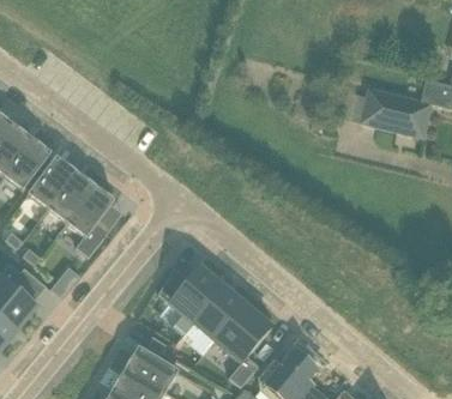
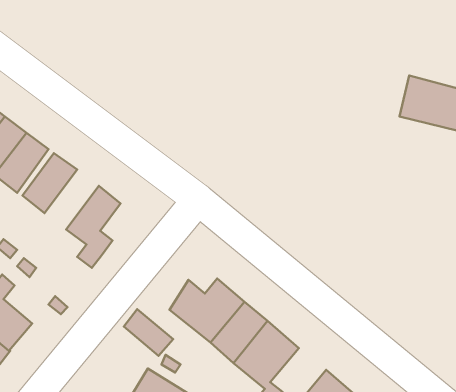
building: [47,170,95,223] -> none
building: none -> [124,309,173,356]

